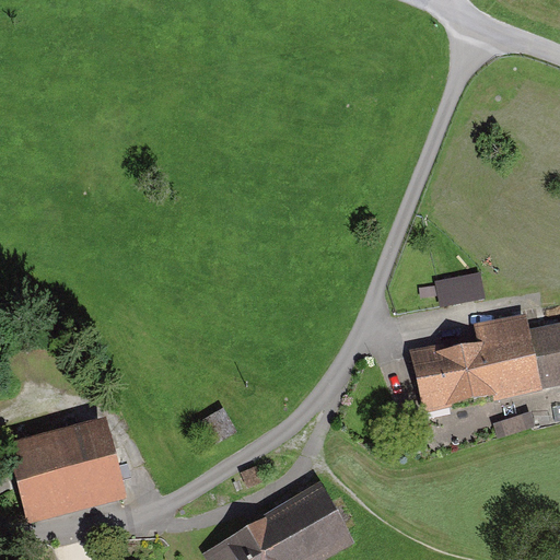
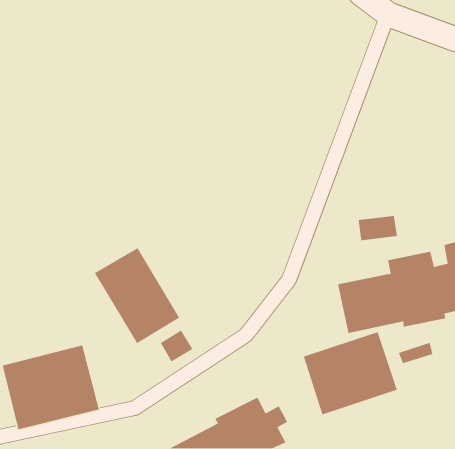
building: none -> [94,247,180,344]
building: none -> [303,331,398,415]

